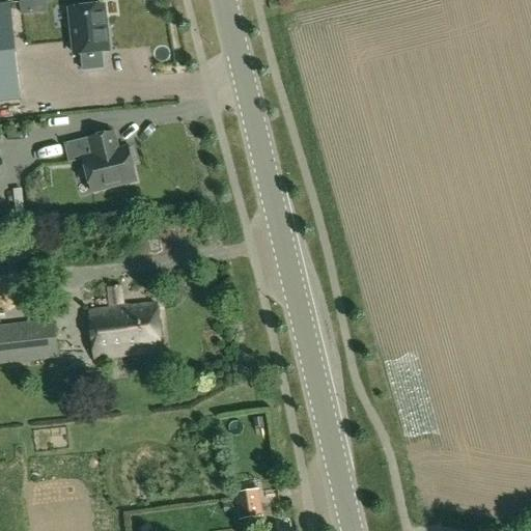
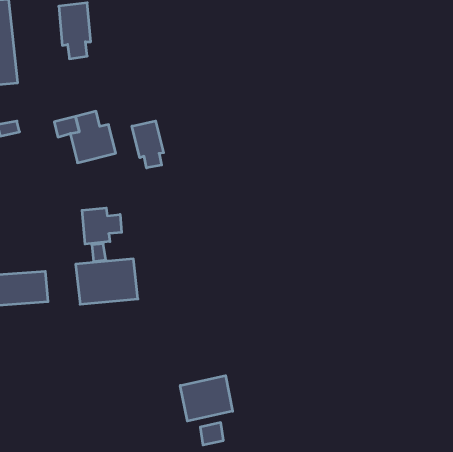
building: none -> [132,121,164,168]
building: none -> [82,208,122,244]
building: none -> [180,376,233,421]

